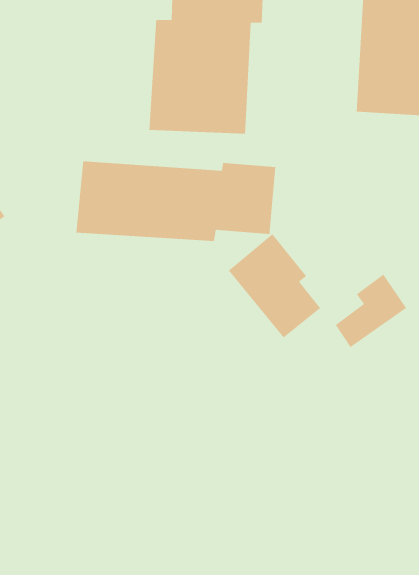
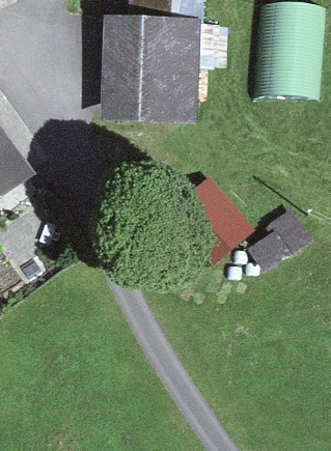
building: [76,161,276,242] -> none

